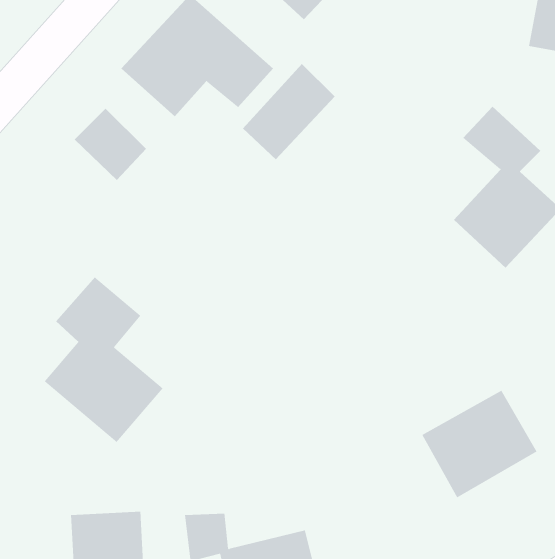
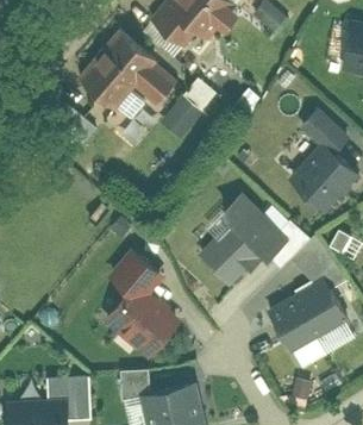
building: none -> [195,190,307,290]
building: [44,276,164,443] -> [102,248,179,354]

